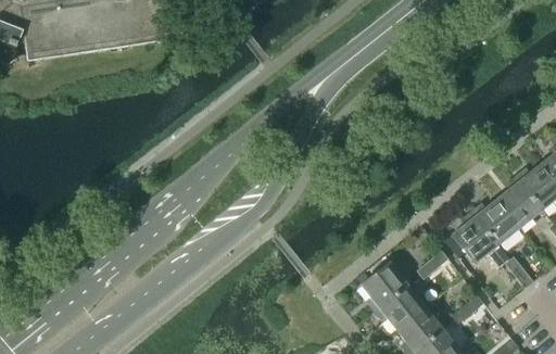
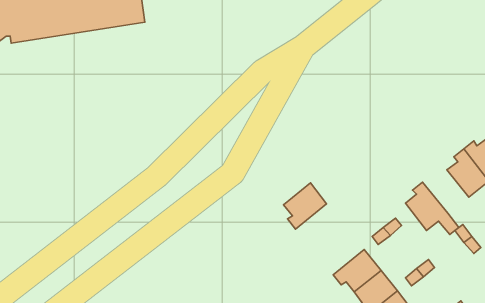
building: [471,199,521,245] -> none
building: [362,262,408,312] -> [283,183,327,229]

